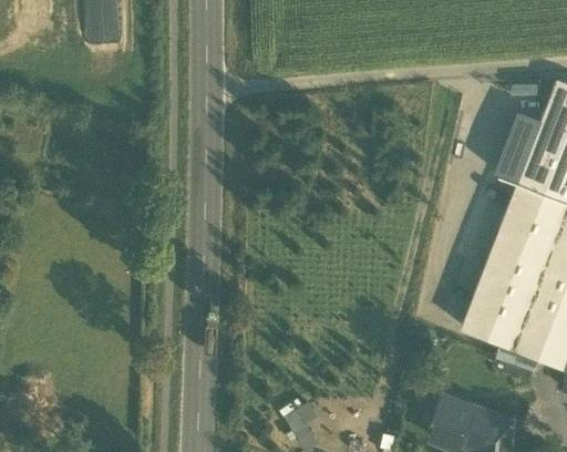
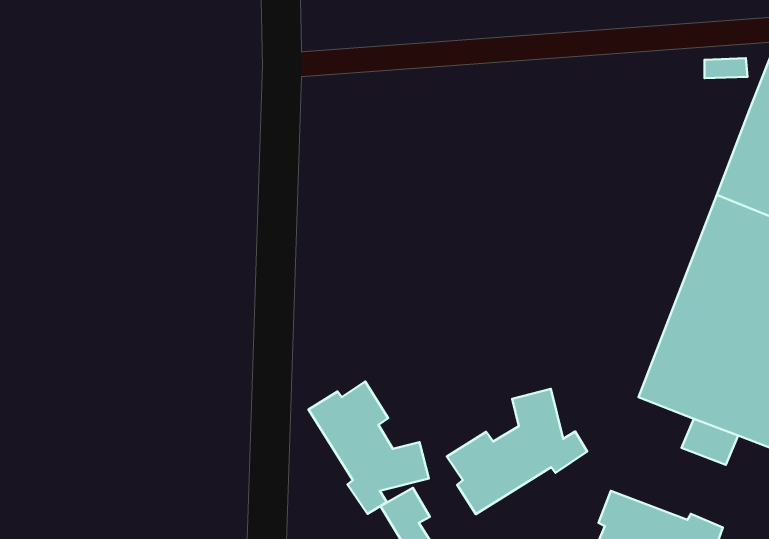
building: [497,112,543,182] -> none
building: none -> [309,382,429,514]
building: none -> [447,389,587,514]

